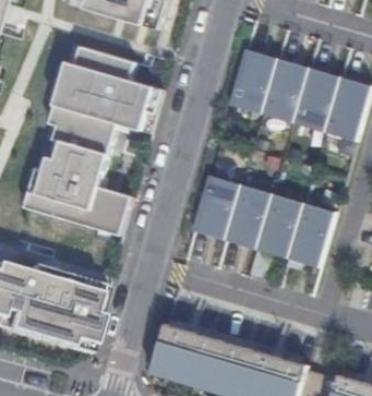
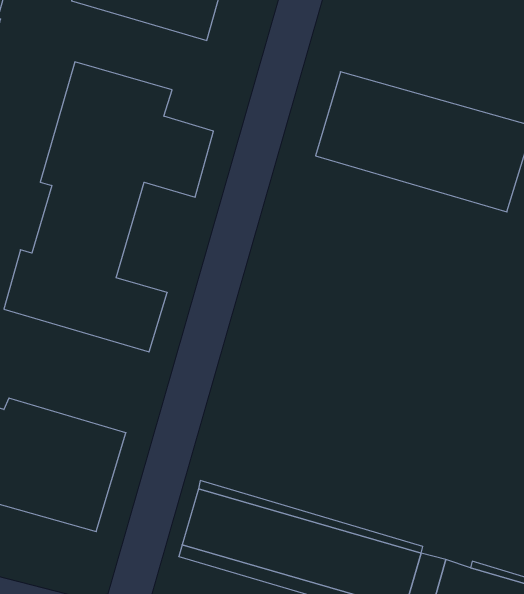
building: [192,176,335,268] -> none

